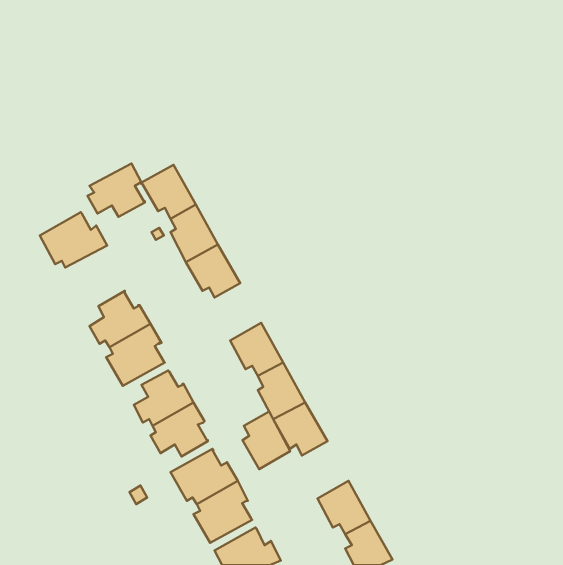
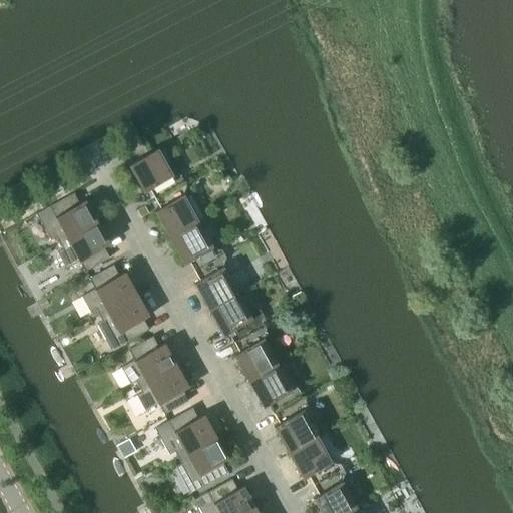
building: [87,164,145,217] -> [59,222,111,271]
building: none -> [195,256,238,309]
building: [243,412,290,469] -> [275,400,318,452]

